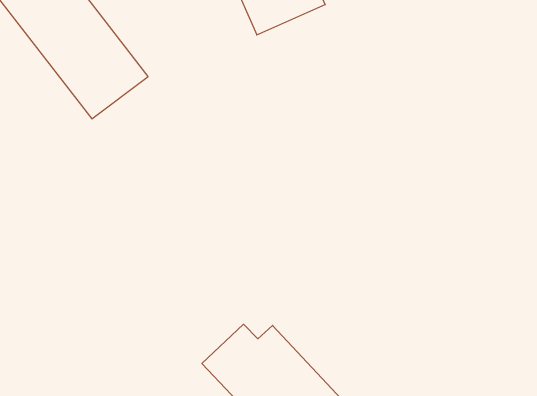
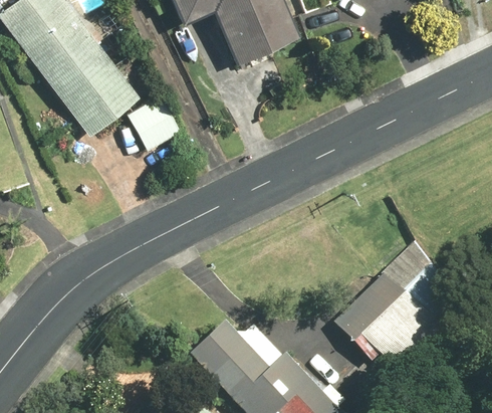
building: none -> [127,96,178,148]
building: none -> [332,245,455,367]

